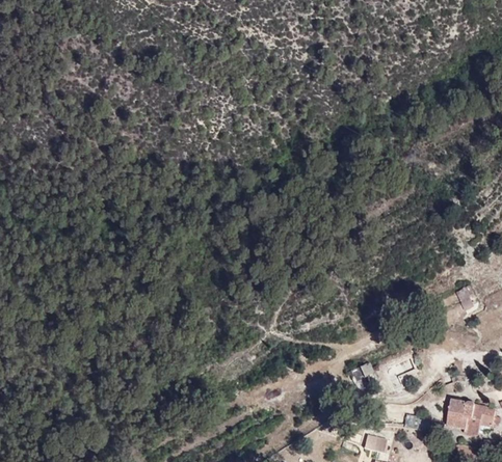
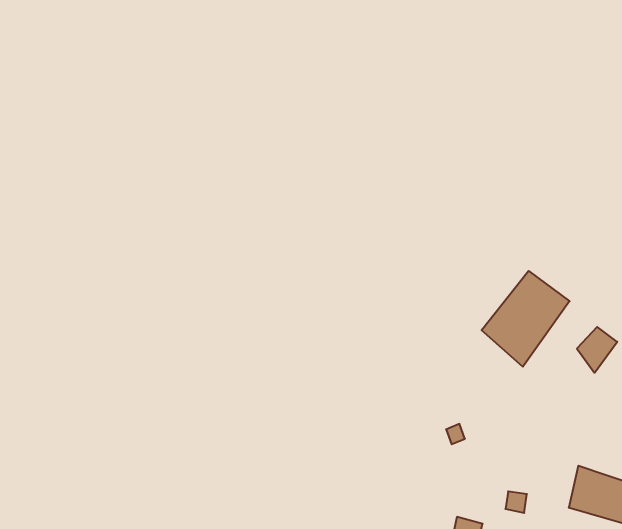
building: none -> [482,271,570,367]

